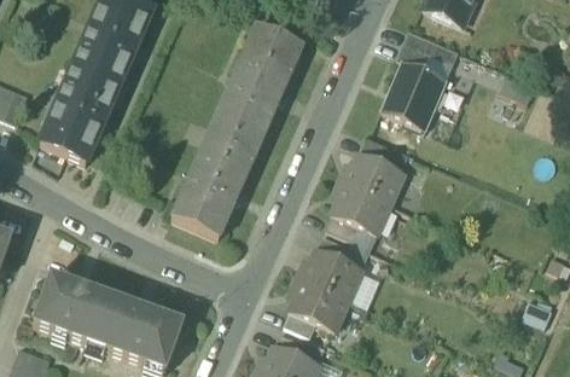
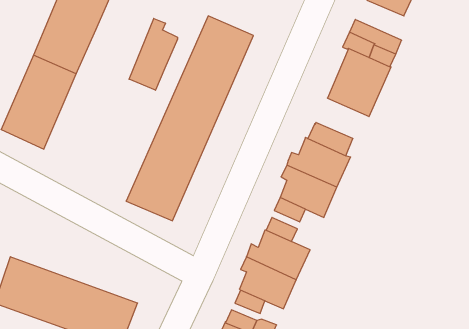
building: none -> [129,18,178,90]

